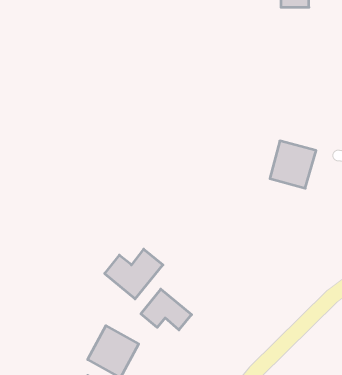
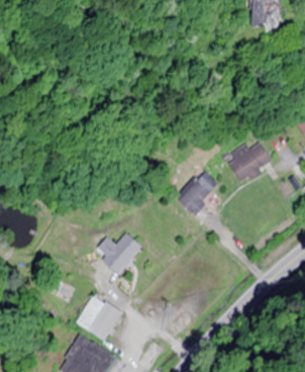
building: none -> [176,169,218,213]
building: [141,289,192,330] -> none

